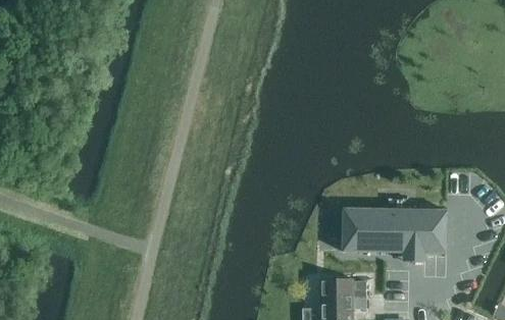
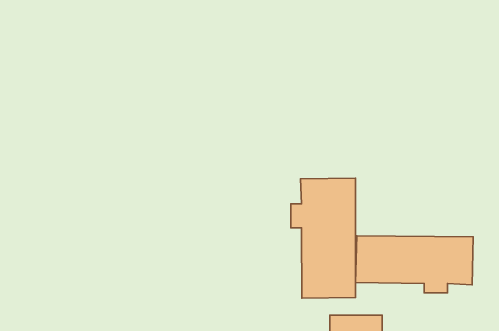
building: none -> [291,178,355,298]

